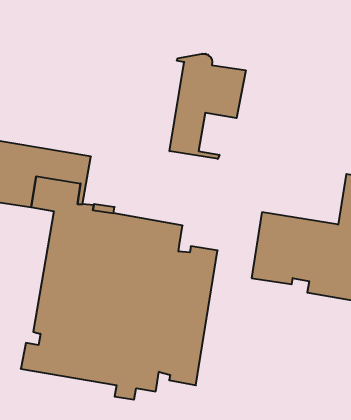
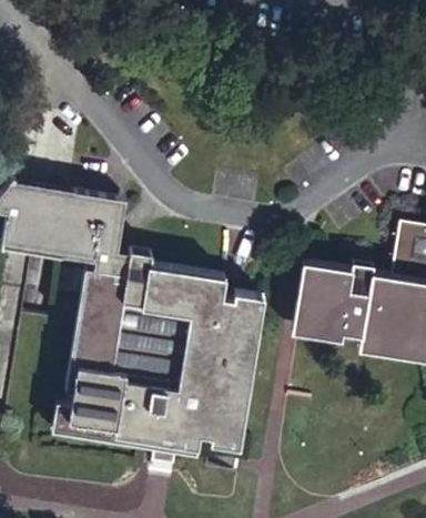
building: [170,54,246,159] -> none

